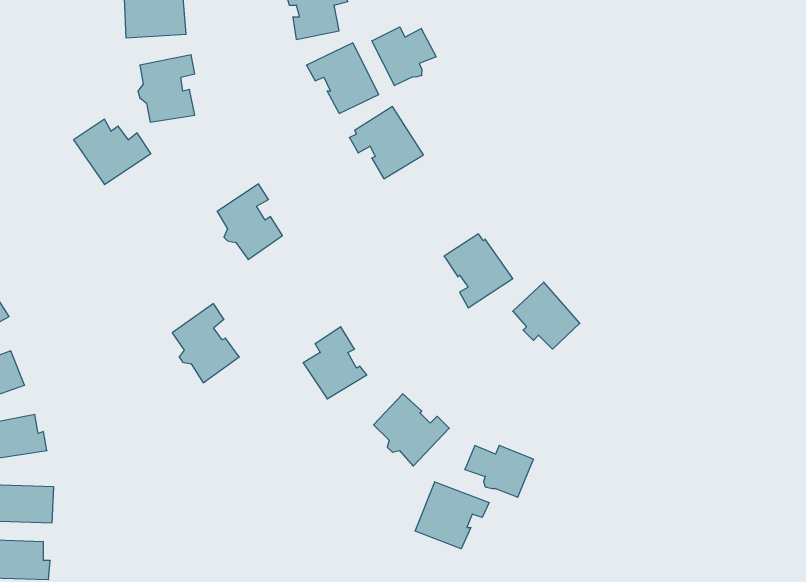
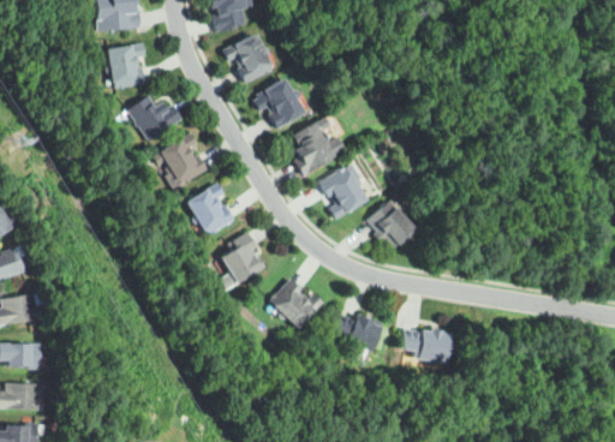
building: [372,27,436,86] -> none
building: [74,119,151,185] -> [126,95,180,141]
building: none -> [292,115,345,175]
building: [172,304,239,383] -> [186,181,233,237]
building: none -> [400,328,449,364]
building: [415,482,489,549] -> none

